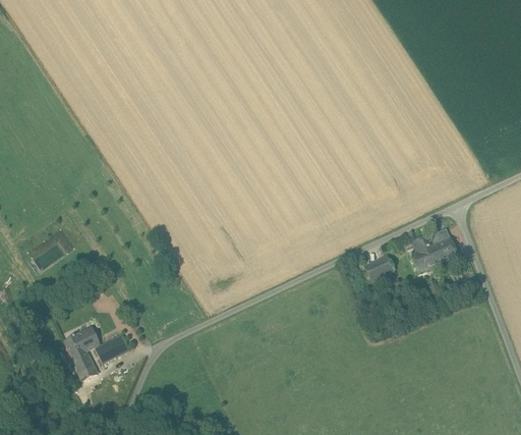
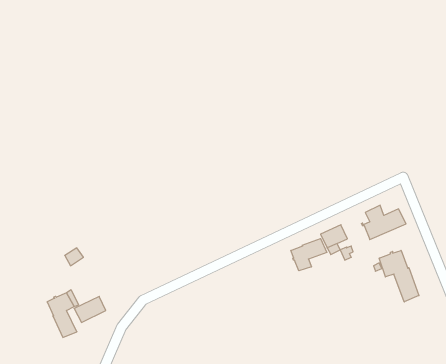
building: none -> [291,239,327,271]
building: none -> [379,250,419,302]

